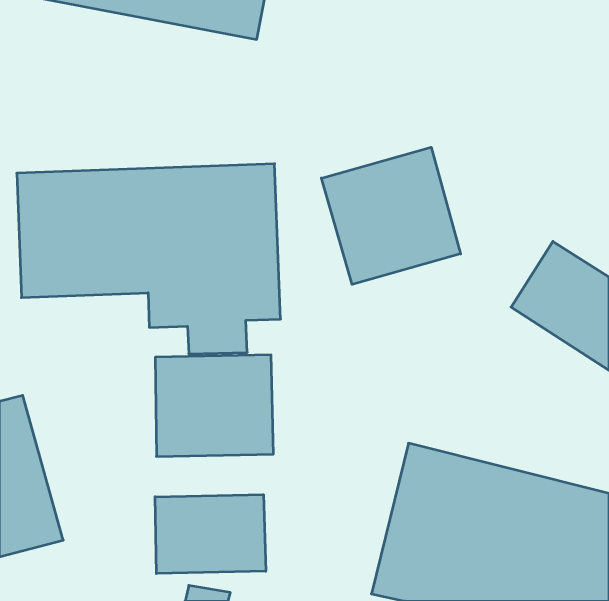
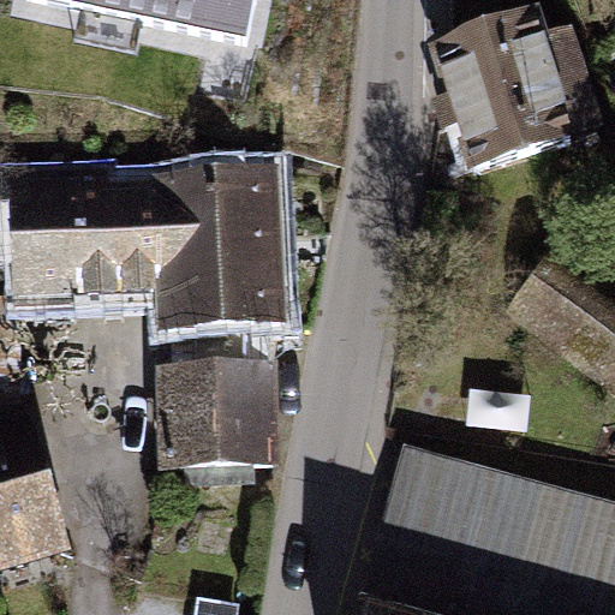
building: none -> [444,14,593,178]
building: [321,147,461,284] -> none
building: [155,495,266,574] -> none

